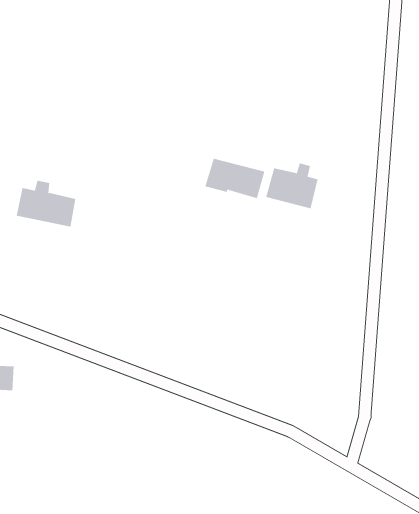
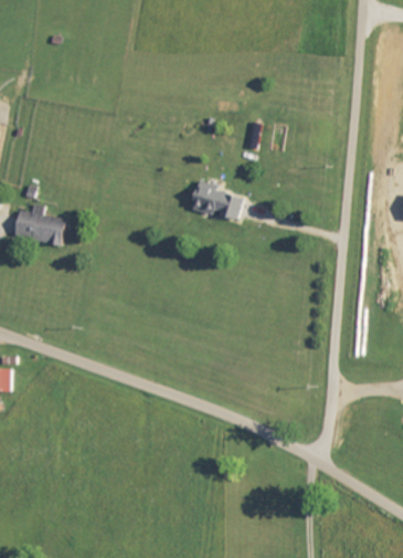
building: [265,162,318,209] -> none

